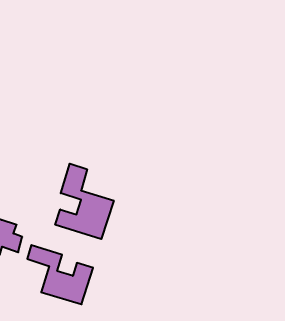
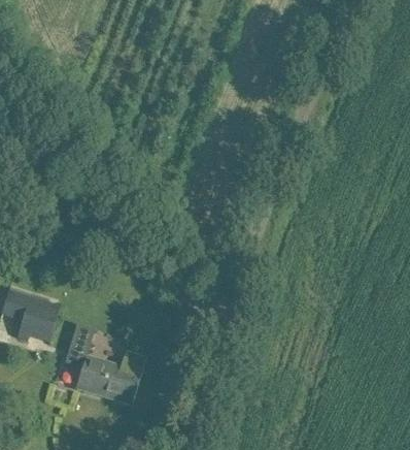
building: [55,164,114,239] -> none

